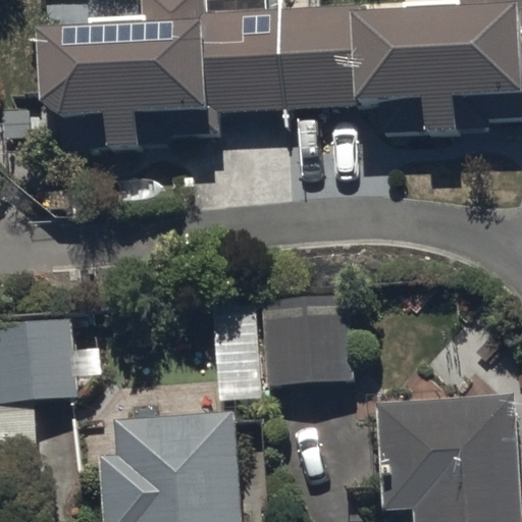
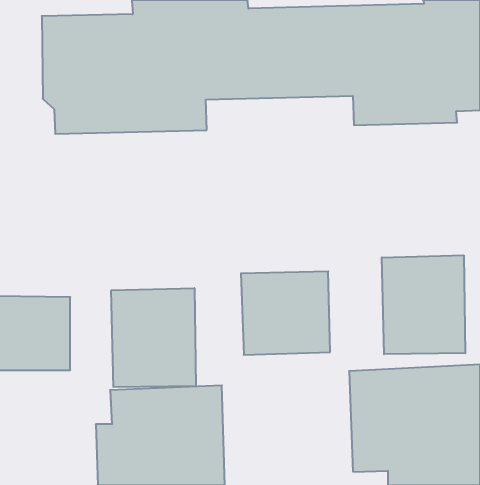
building: none -> [382,255,465,354]
building: none -> [111,288,196,387]

